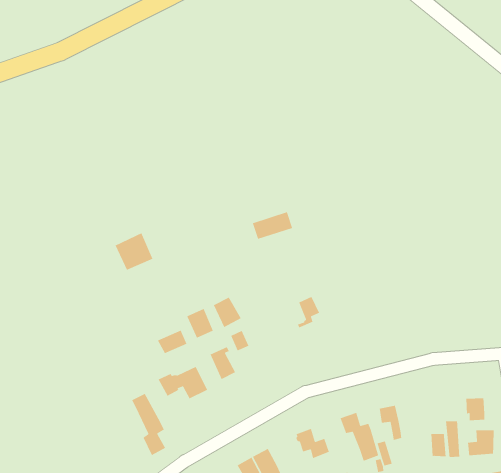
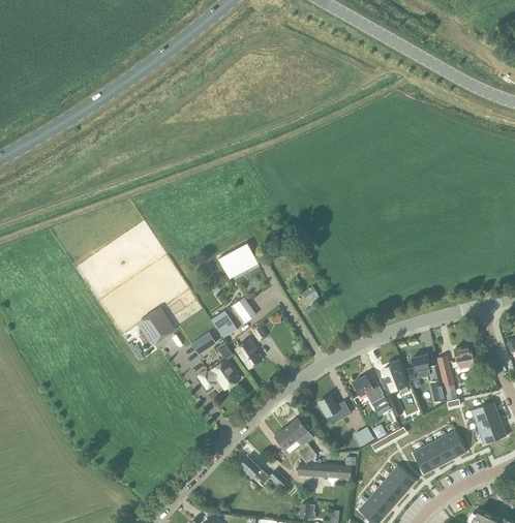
building: [252,211,293,240] -> [220,246,255,274]
building: [115,232,153,271] -> [139,309,173,343]
building: [131,393,166,456] -> none
building: [467,429,494,456] -> [406,355,430,380]

